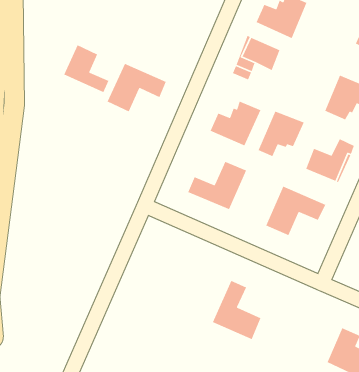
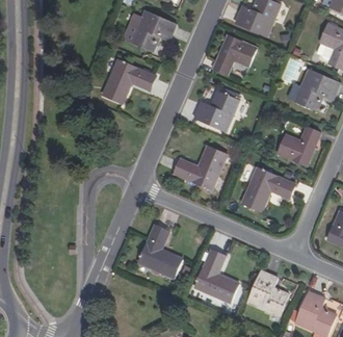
building: none -> [130,8,175,49]
building: [63,44,110,93] -> none
building: [257,110,305,157] -> none
building: none -> [138,226,182,278]
building: none -> [246,269,286,315]

